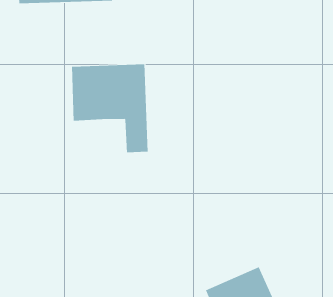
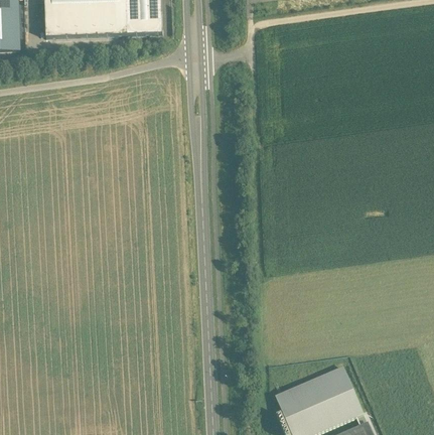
building: [71,63,148,153] -> none

